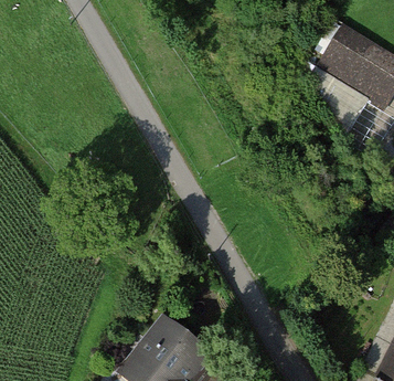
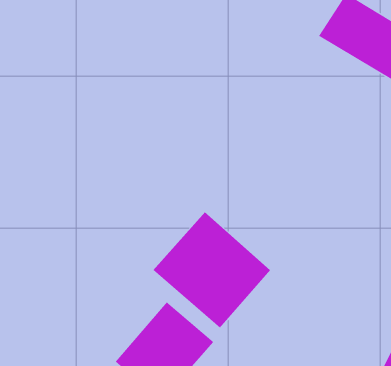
building: none -> [152,212,271,328]

